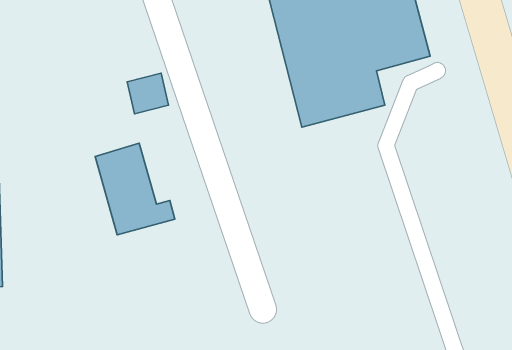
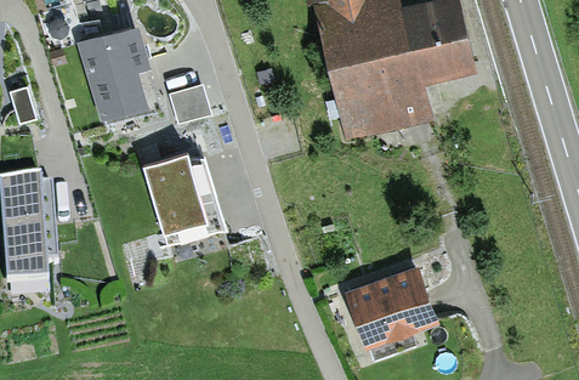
building: none -> [73,21,155,123]
building: none -> [348,268,433,342]

